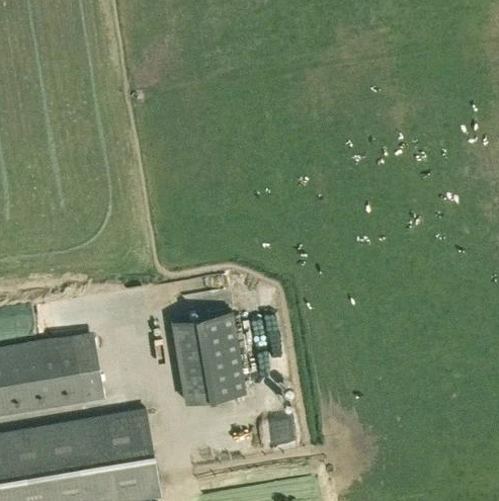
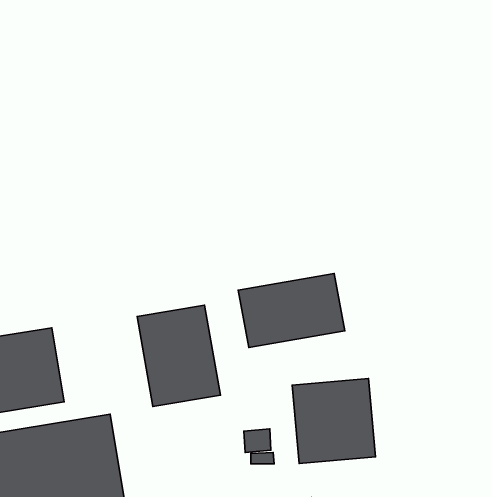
building: none -> [238,273,345,347]
building: none -> [292,379,376,464]

